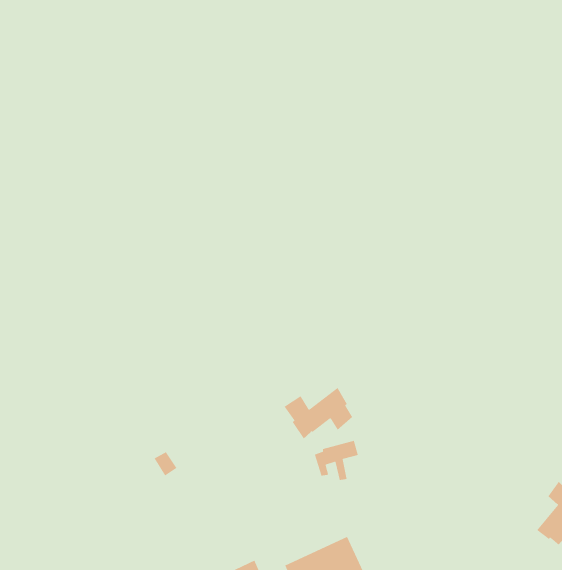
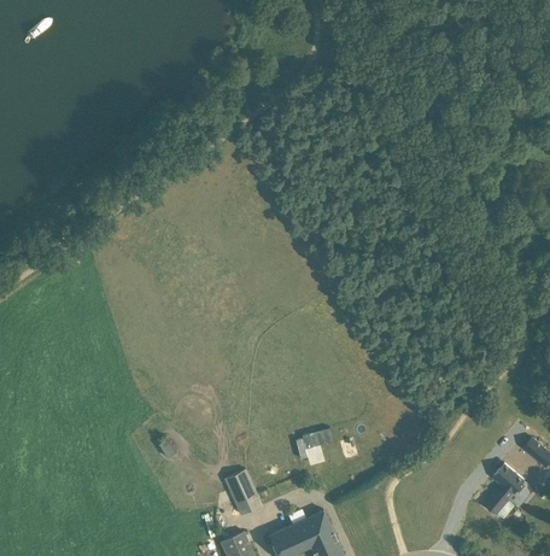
building: [283,387,353,440] -> none
building: none -> [223,470,261,515]

